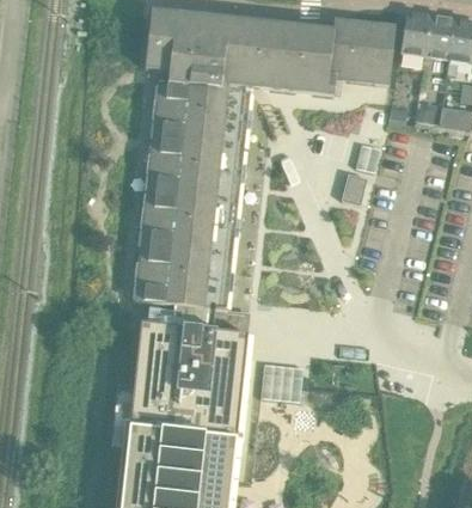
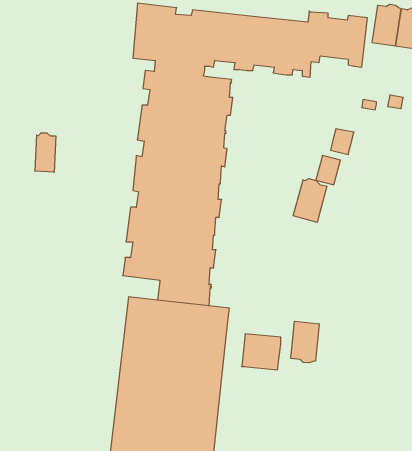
building: none -> [35,133,56,172]
building: none -> [293,179,327,222]
building: none -> [291,321,319,363]

